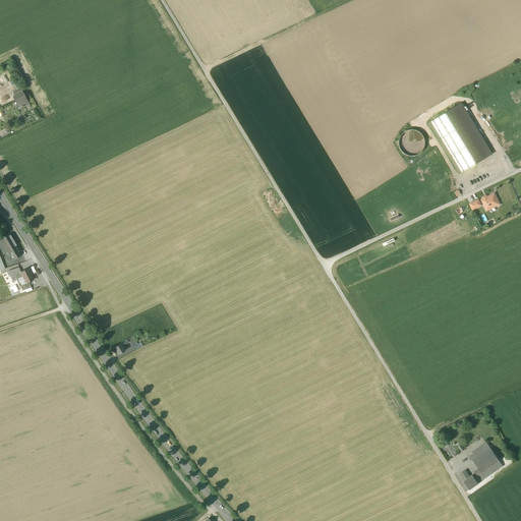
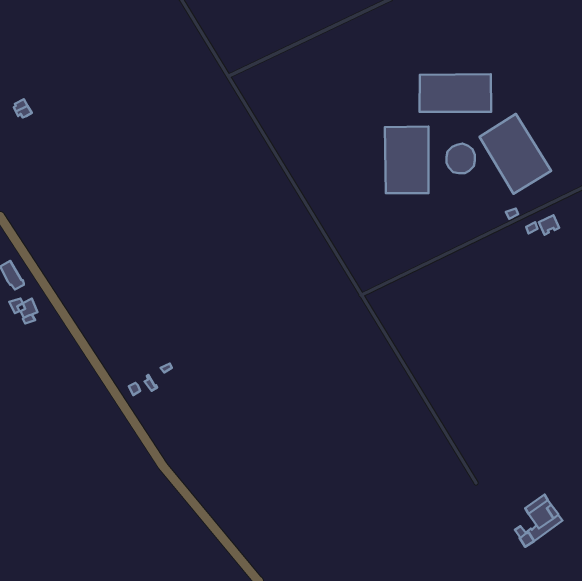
building: none -> [420,74,491,112]
building: none -> [385,127,429,193]

